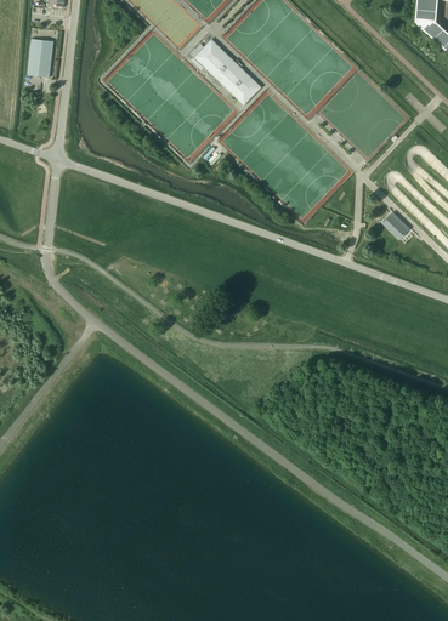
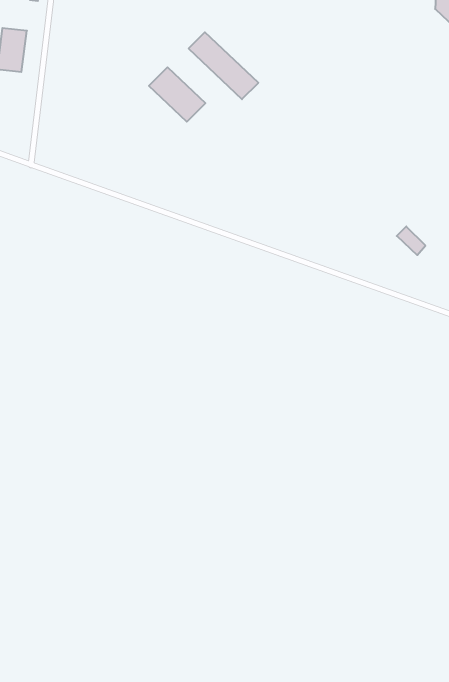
building: none -> [149,67,205,122]

